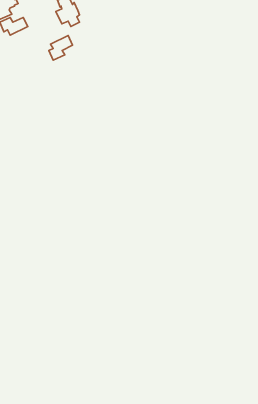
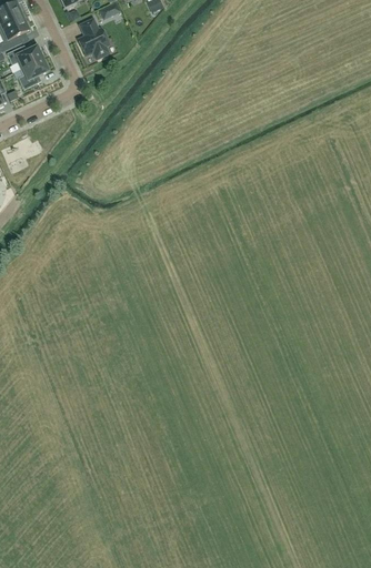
building: [49,35,73,60] -> [18,58,48,89]

